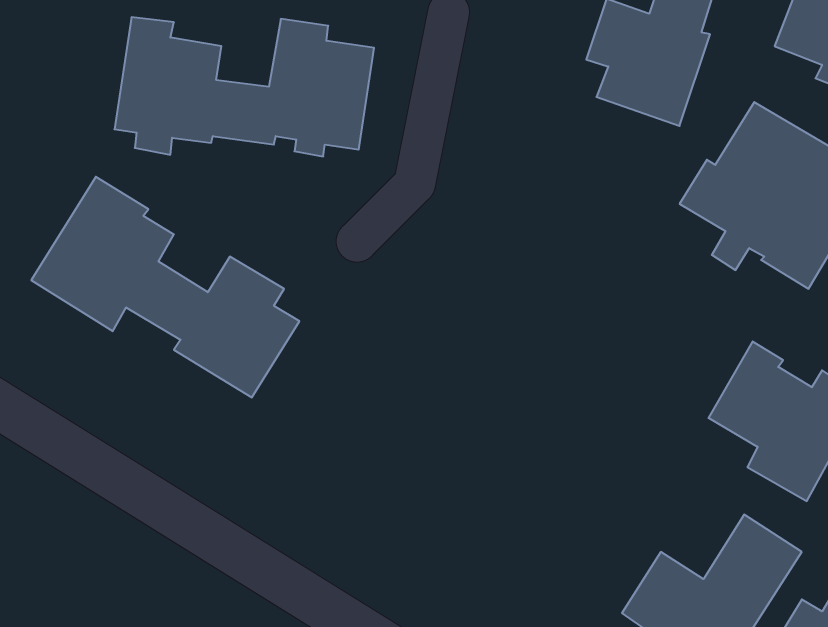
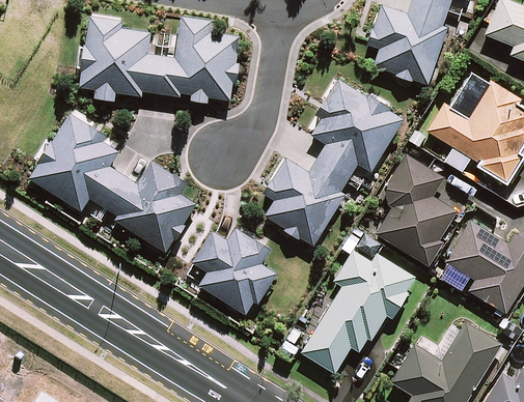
building: none -> [266,82,401,245]
building: none -> [377,155,460,263]
building: none -> [194,230,276,312]
building: none -> [302,251,417,373]

